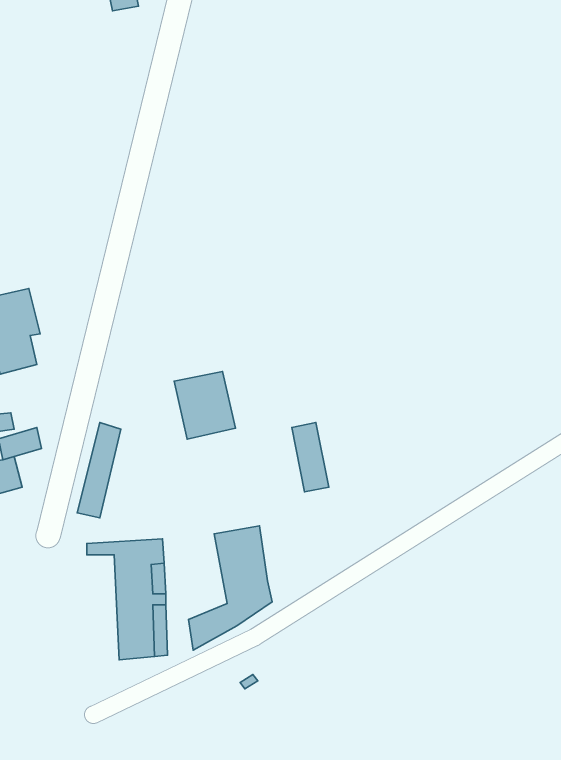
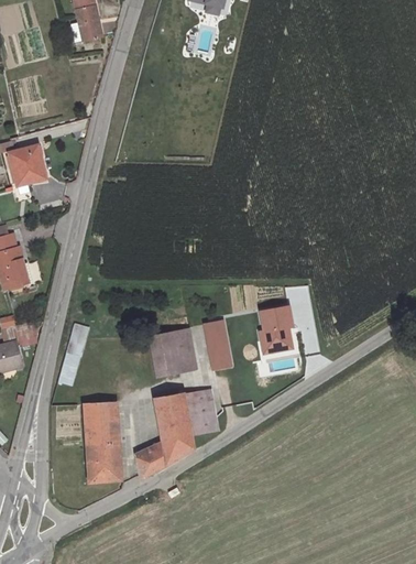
building: none -> [13,148,47,185]
building: [174,372,236,439] -> [151,329,193,376]
building: none -> [260,307,292,354]
building: none -> [183,388,216,430]

